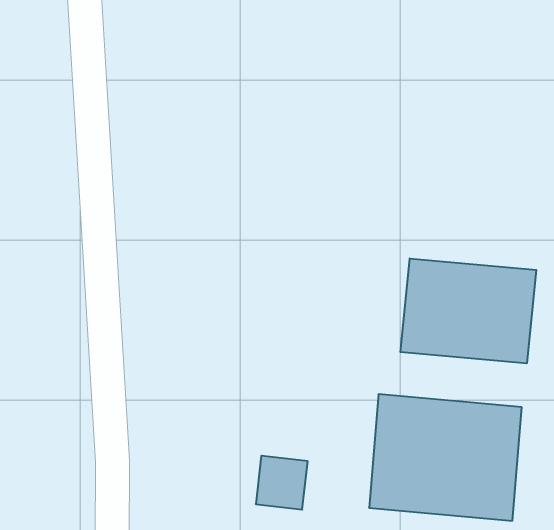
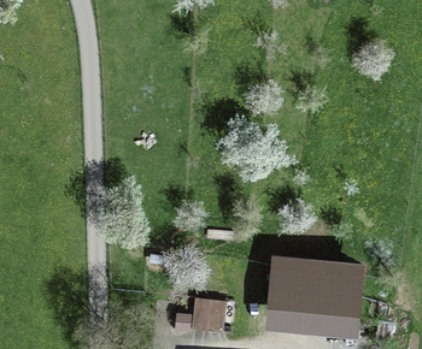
building: [400,258,536,363] -> none

